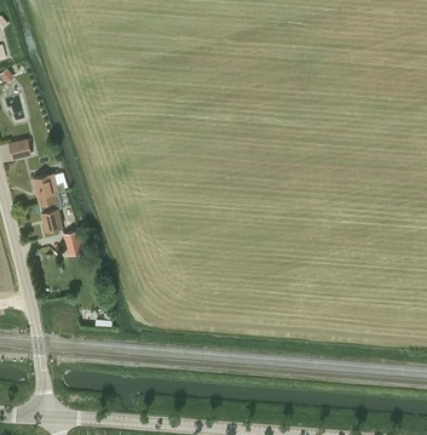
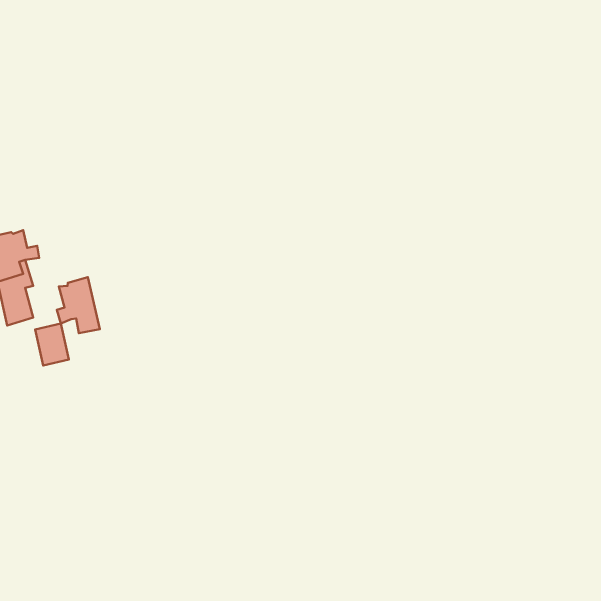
building: none -> [57,277,100,333]

